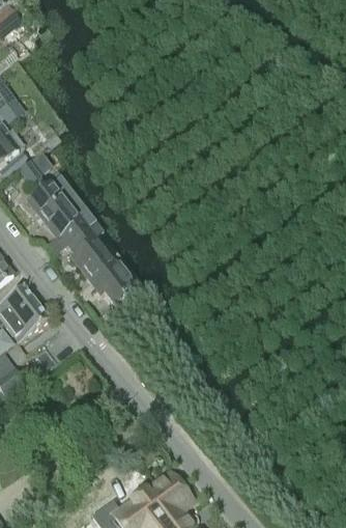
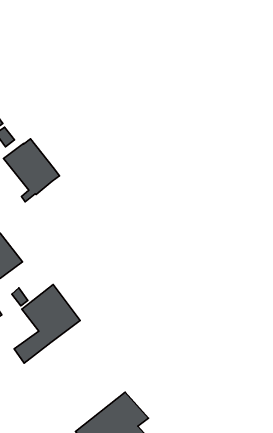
building: [66,218,135,303] -> none
building: none -> [14,284,80,363]

